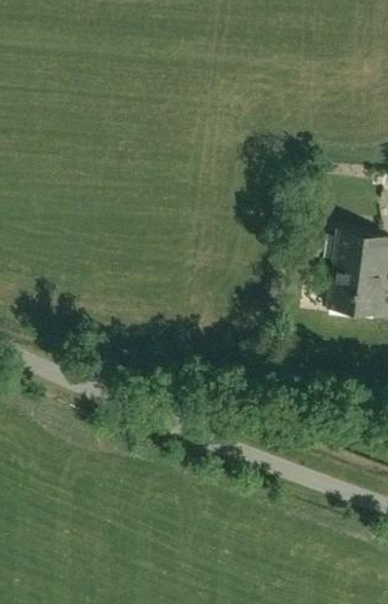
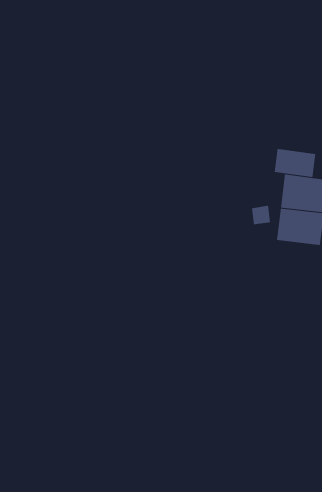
building: none -> [274,148,316,178]

